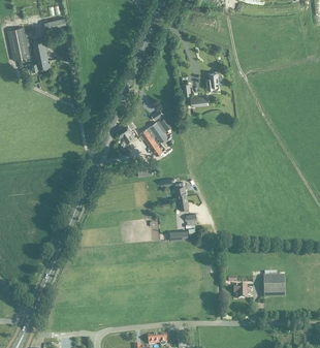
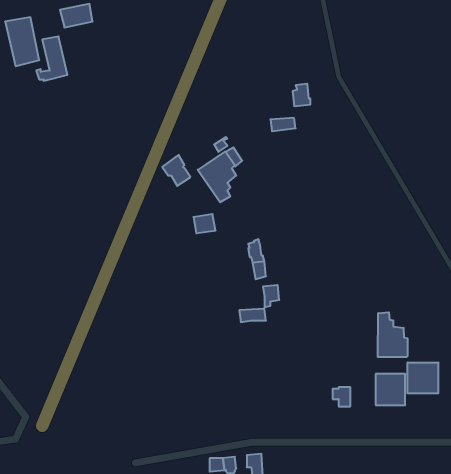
building: none -> [378,312,408,357]
building: none -> [408,362,438,393]

